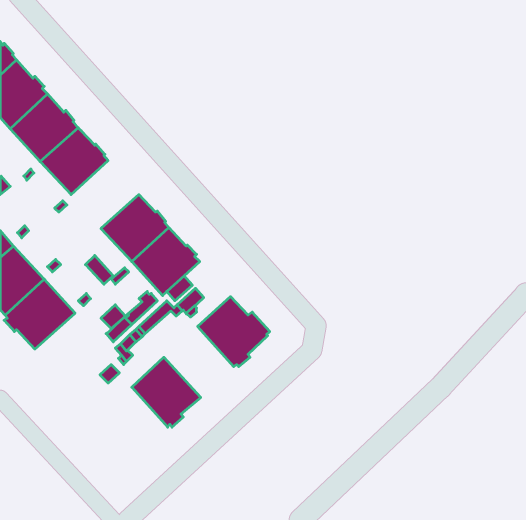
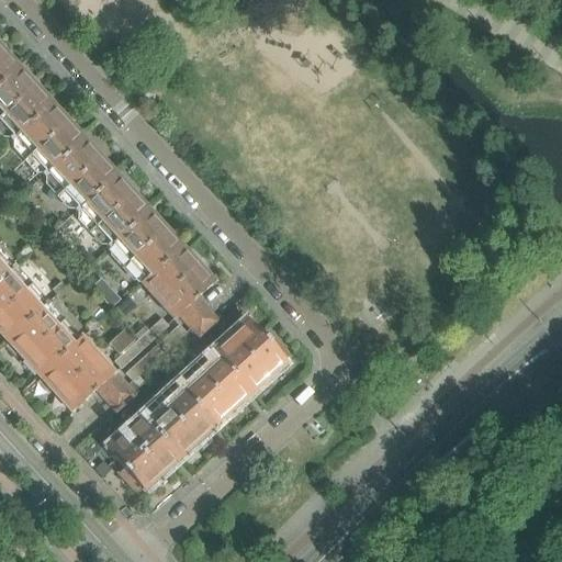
building: none -> [76,171,148,244]
building: none -> [37,334,123,408]
building: none -> [175,348,249,424]
building: none -> [104,413,179,490]

